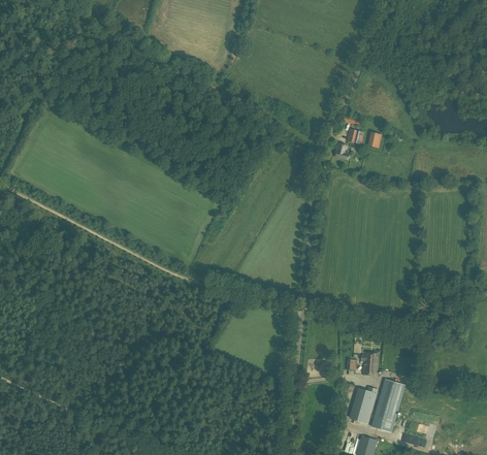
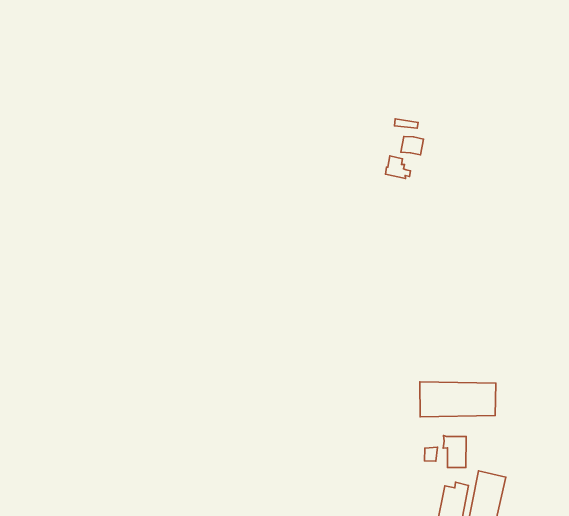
building: none -> [420,382,496,417]

